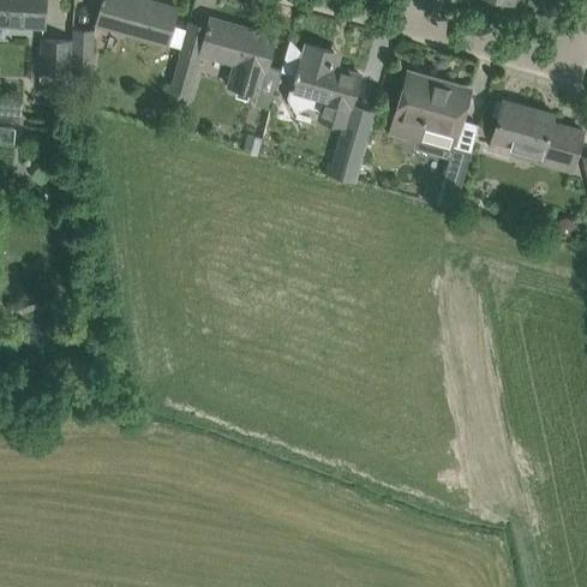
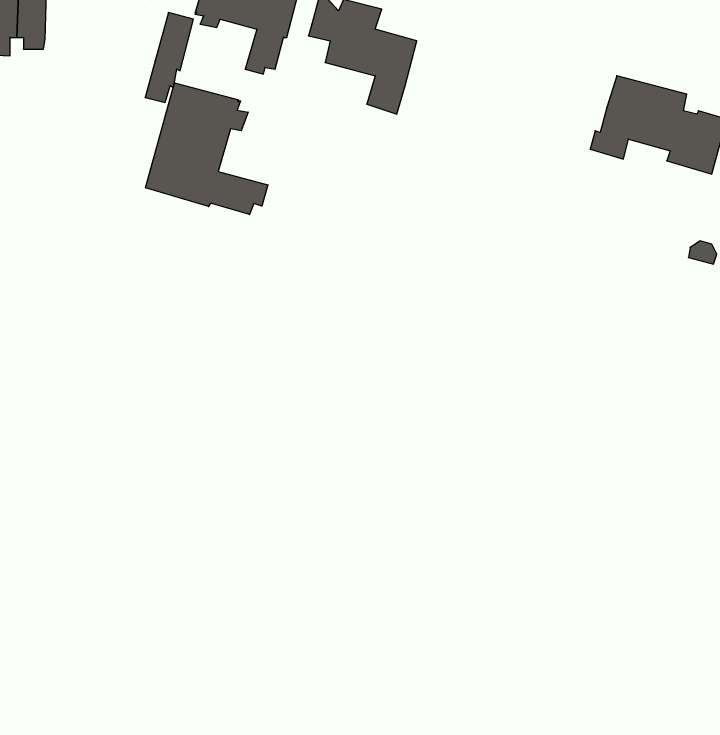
building: [390,72,471,210] -> none
building: none -> [145,83,268,215]
building: [330,107,375,182] -> none

